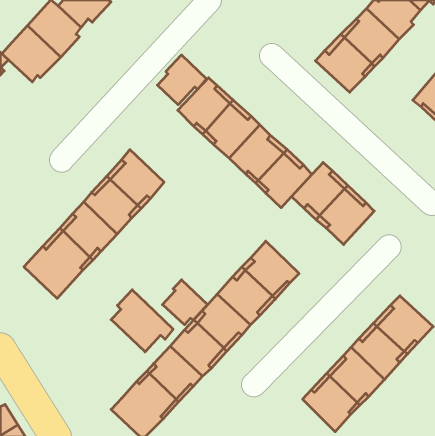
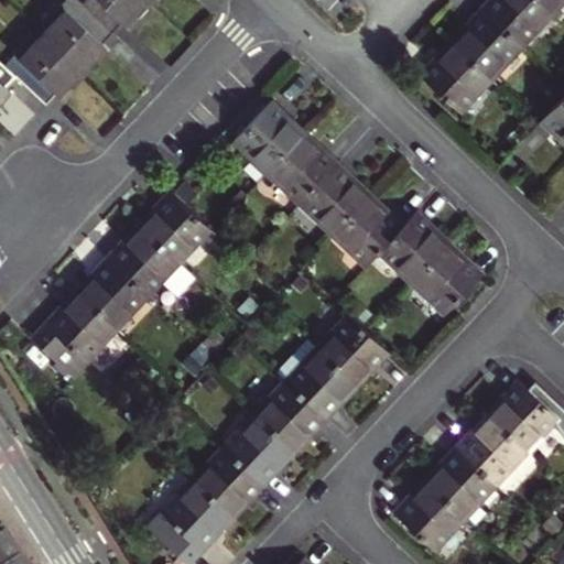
building: [157,55,206,105] -> none
building: [162,280,208,325] -> none
building: [111,290,173,352] -> none

